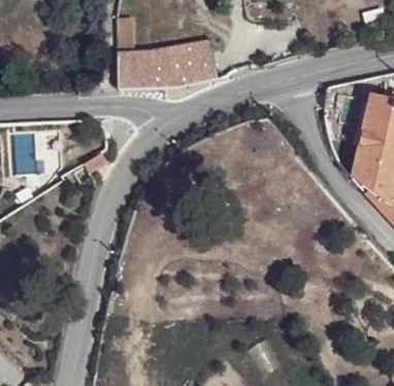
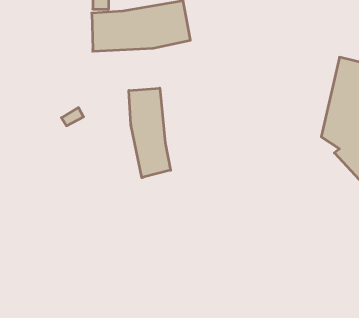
building: none -> [129,88,171,178]

